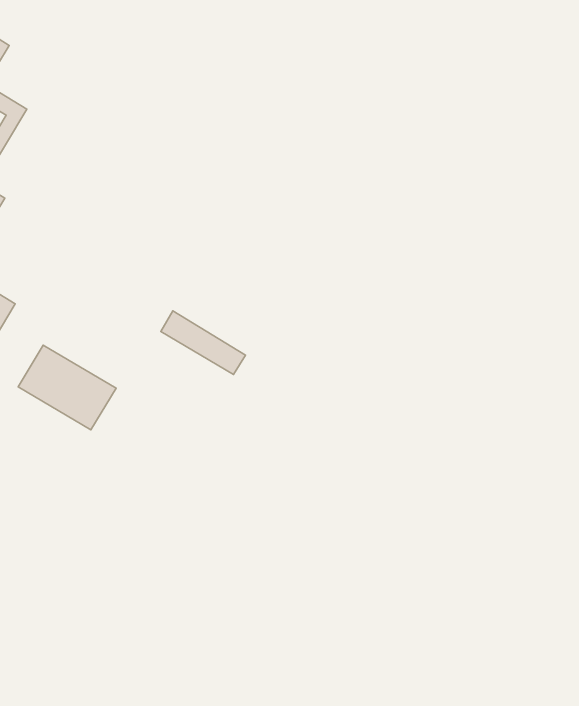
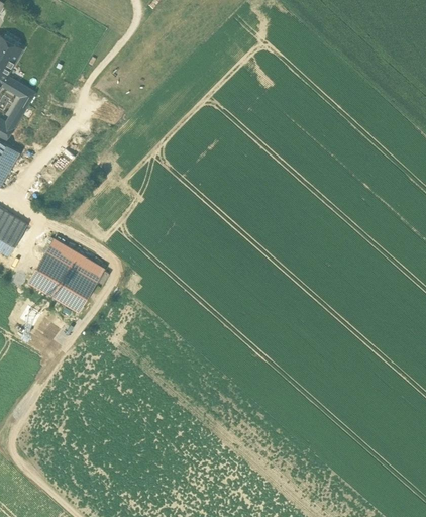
building: [161,311,245,375] -> [44,238,102,282]

